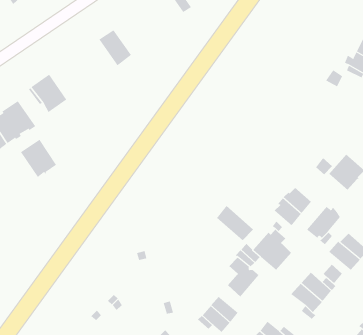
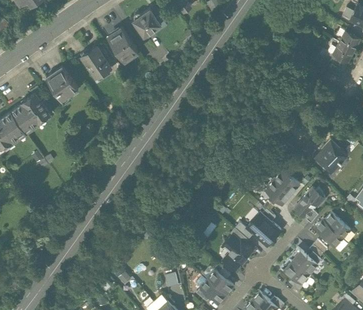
building: none -> [132,9,161,36]
building: none -> [81,46,112,76]
building: [20,139,57,178] -> none
building: [216,205,254,241] -> none

